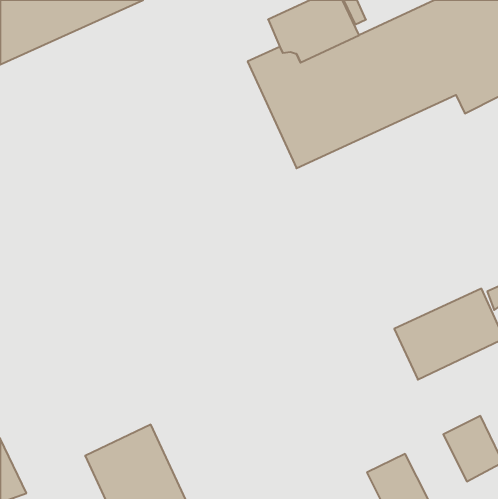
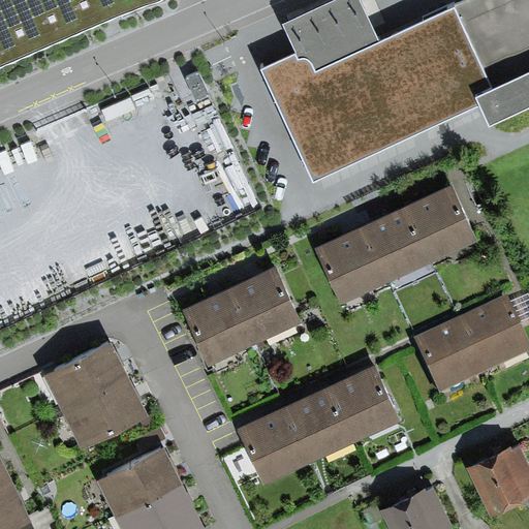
building: none -> [315,184,474,302]
building: none -> [180,266,303,364]
building: none -> [44,351,144,450]
building: none -> [236,362,401,485]

